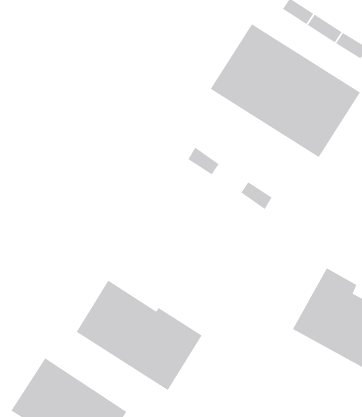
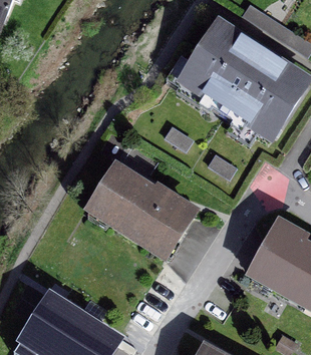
building: [76,280,203,391] -> [88,165,192,256]

